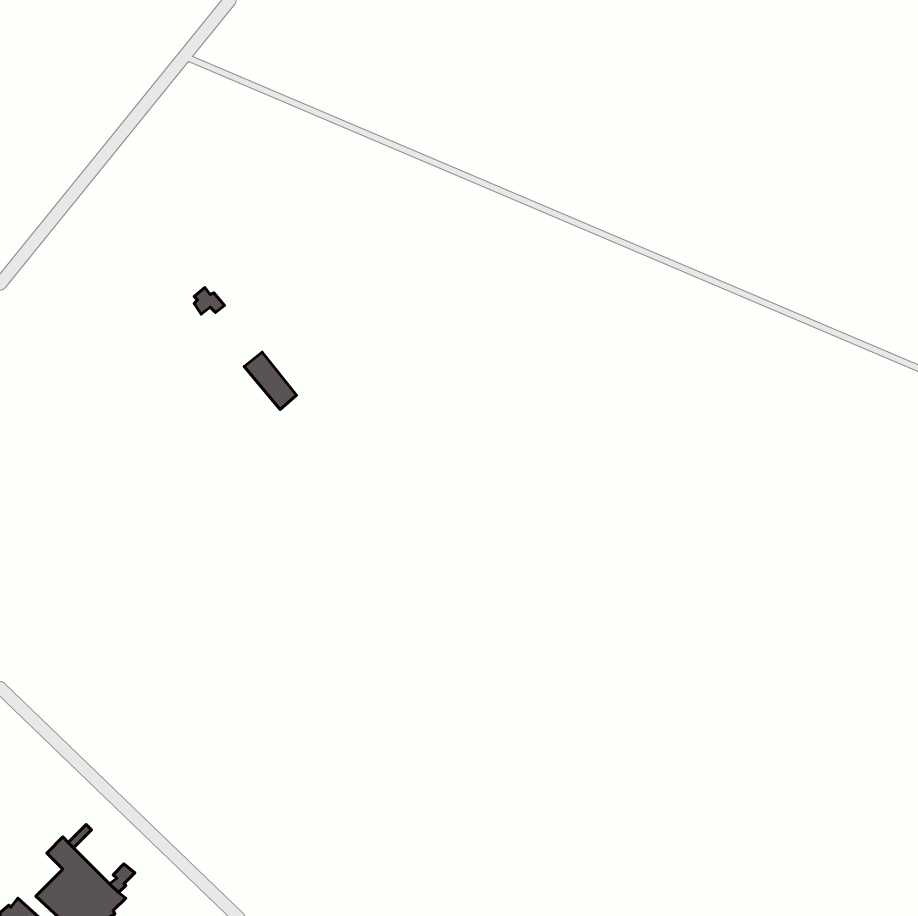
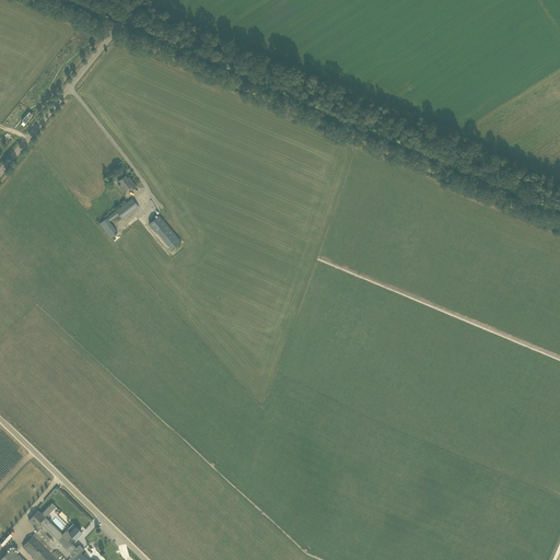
building: none -> [100,199,139,238]

